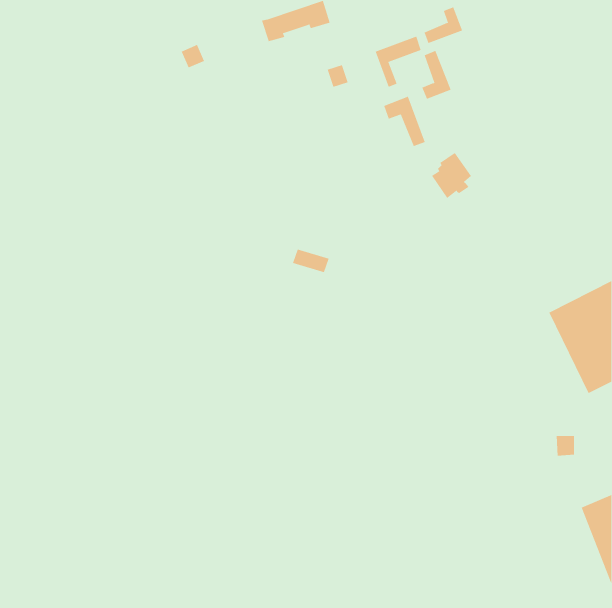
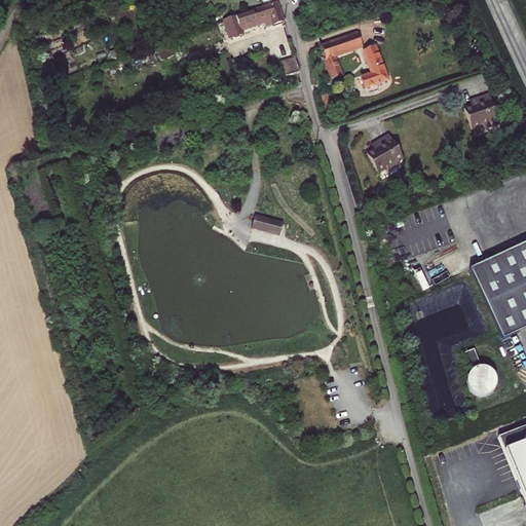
building: [424,7,463,44] -> none
building: [383,96,426,147] -> none
building: none -> [466,93,500,129]

